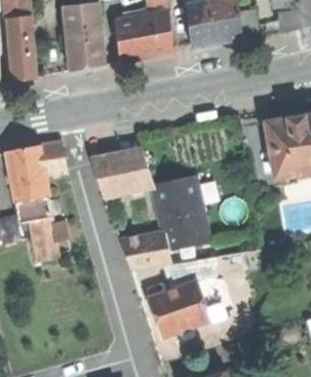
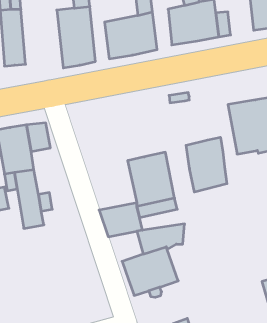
building: [88,150,151,193] -> none
building: none -> [186,137,227,192]

